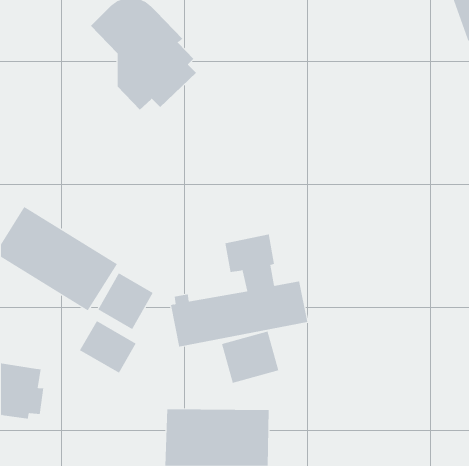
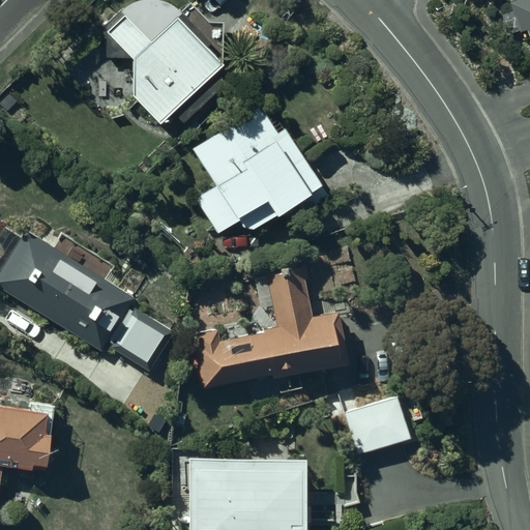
building: none -> [193,104,320,234]
building: [79,320,137,373] -> none
building: [221,331,279,383] -> [345,394,410,453]

